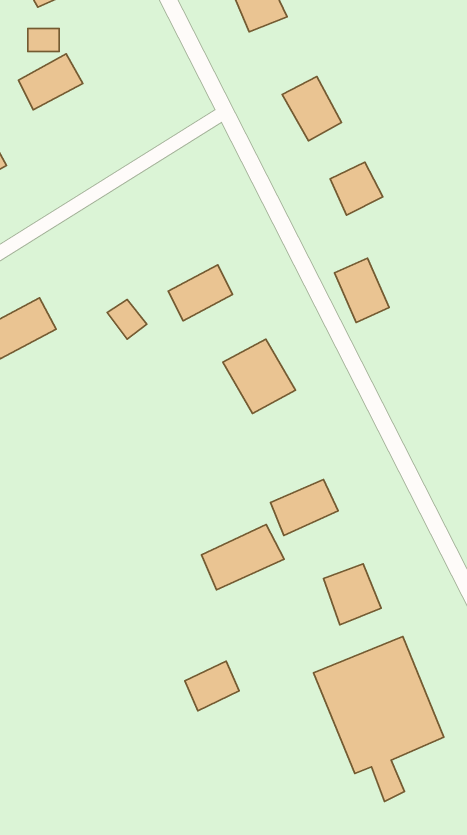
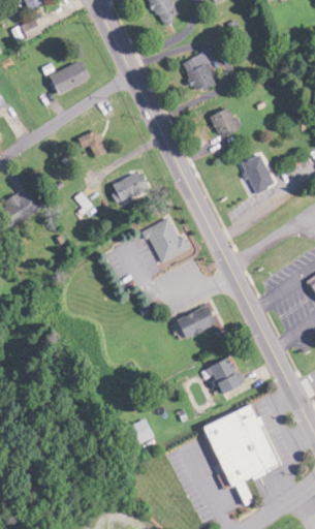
building: [18,54,83,110] -> [48,60,88,95]
building: none -> [77,128,108,157]
building: [335,258,389,322] -> [243,153,277,193]
building: [202,525,284,590] -> none

